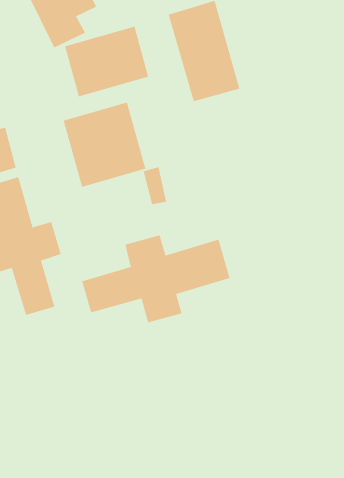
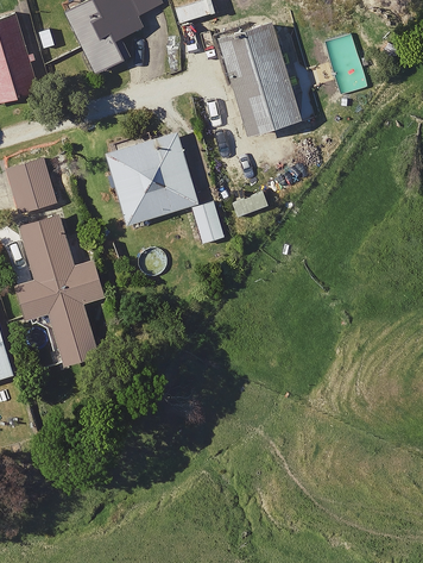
building: [65,26,149,97] -> none
building: [82,234,230,323] -> none

